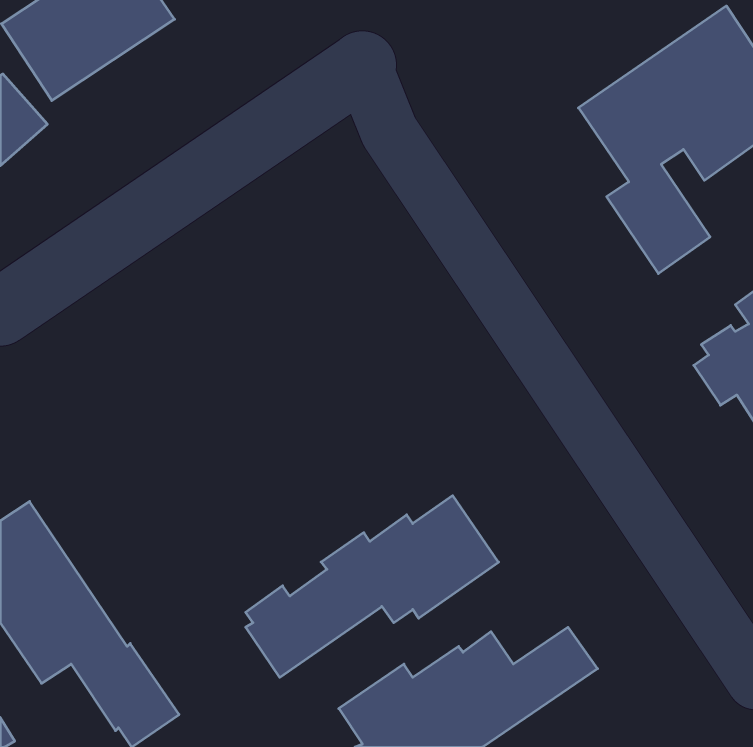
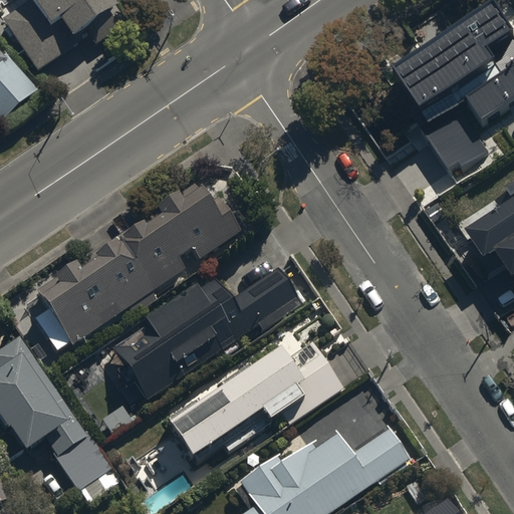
building: none -> [41,173,238,341]
building: none -> [108,266,299,399]

